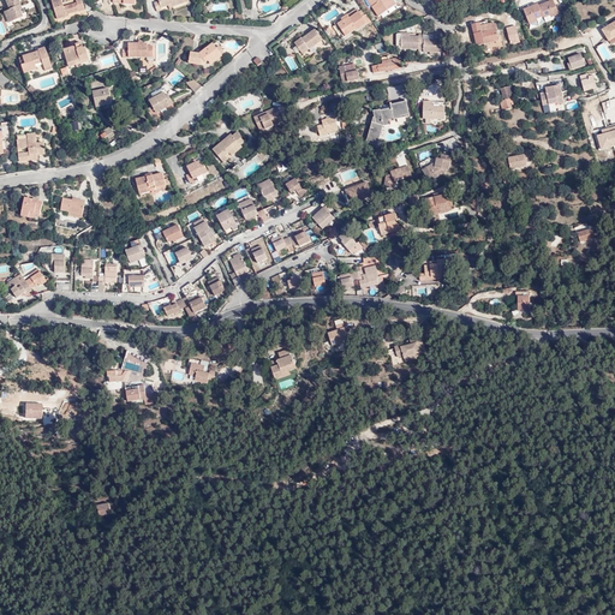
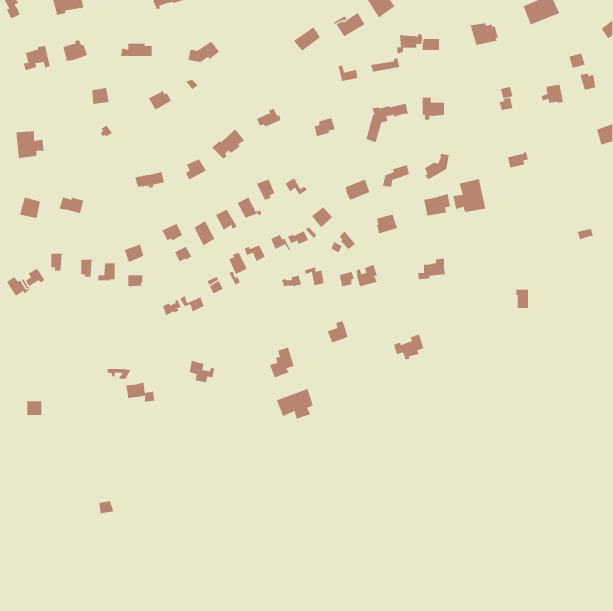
building: none -> [453,178,486,213]
building: none -> [276,388,313,420]

